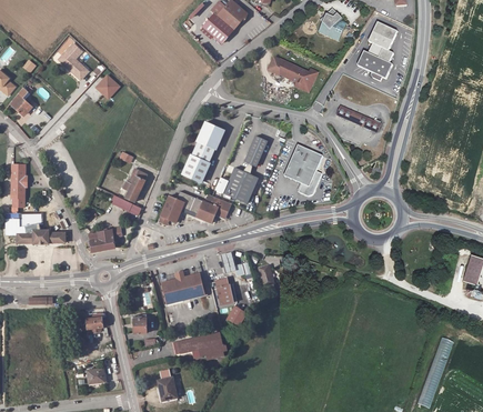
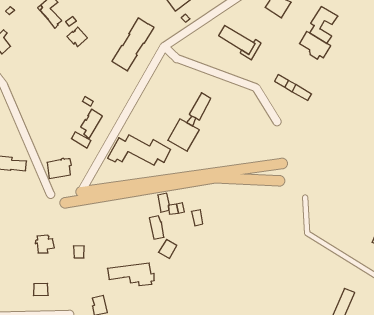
building: [181,121,224,182] -> [112,18,154,71]
building: [284,144,323,197] -> none
building: [159,271,207,304] -> none

